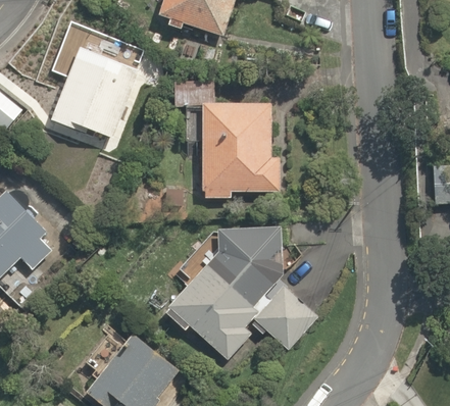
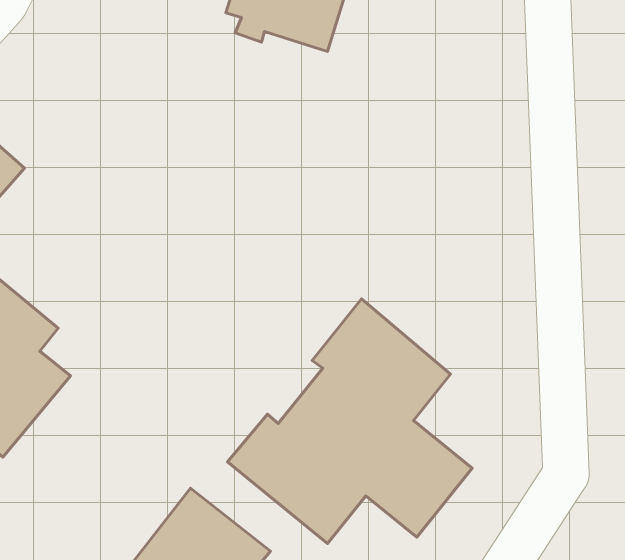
building: [49,51,143,138] -> none
building: [198,100,286,199] -> none

